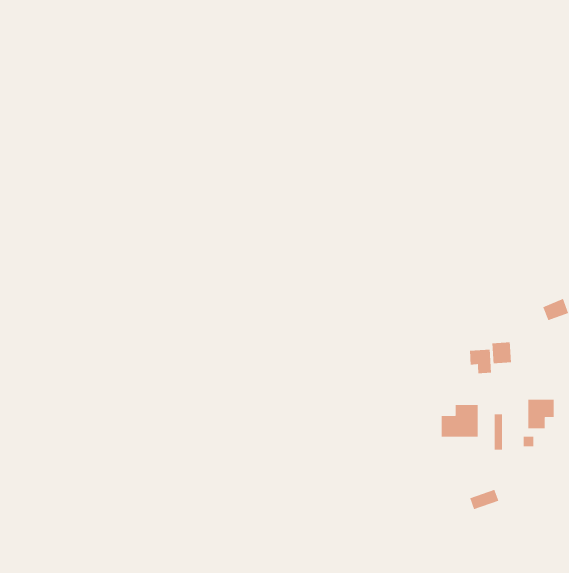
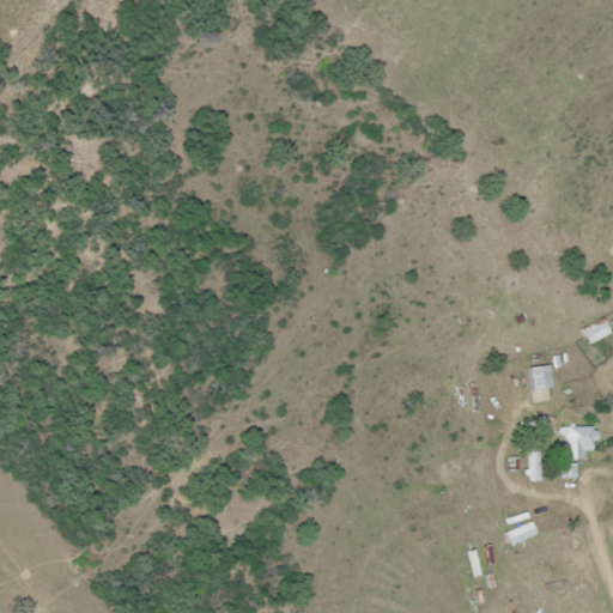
building: [469,349,492,374] -> none
building: [441,404,479,437] -> none

